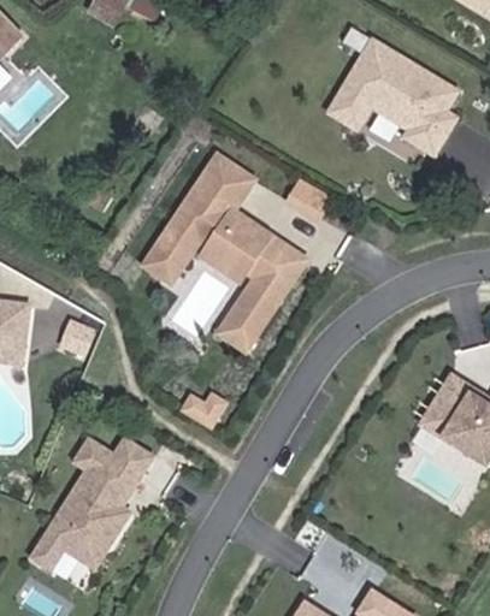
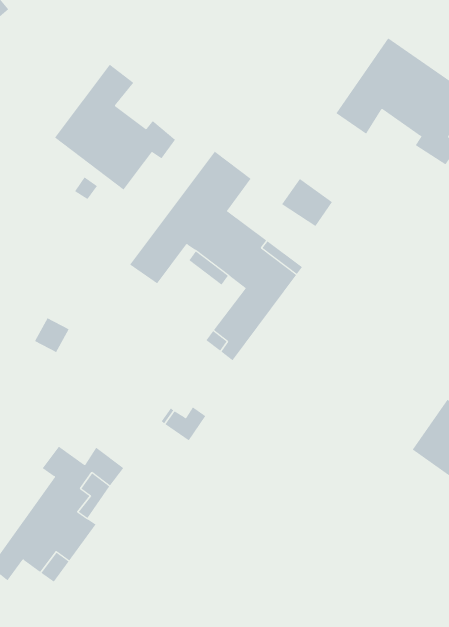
building: none -> [54,64,176,191]

